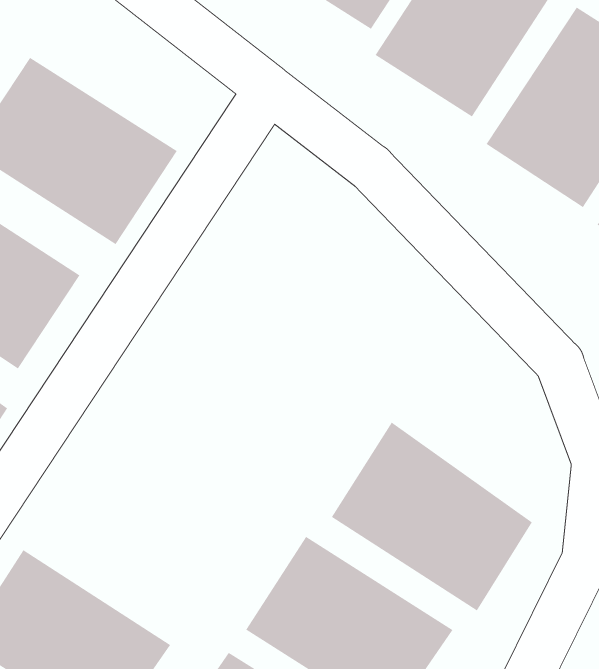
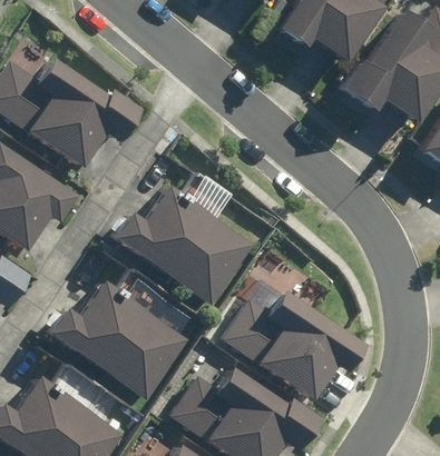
building: none -> [125,178,263,303]
building: none -> [50,271,188,397]

